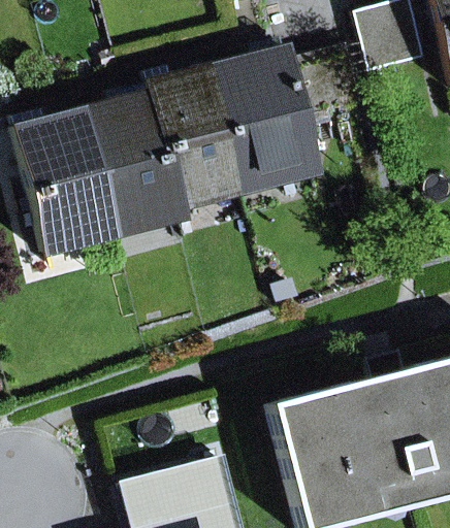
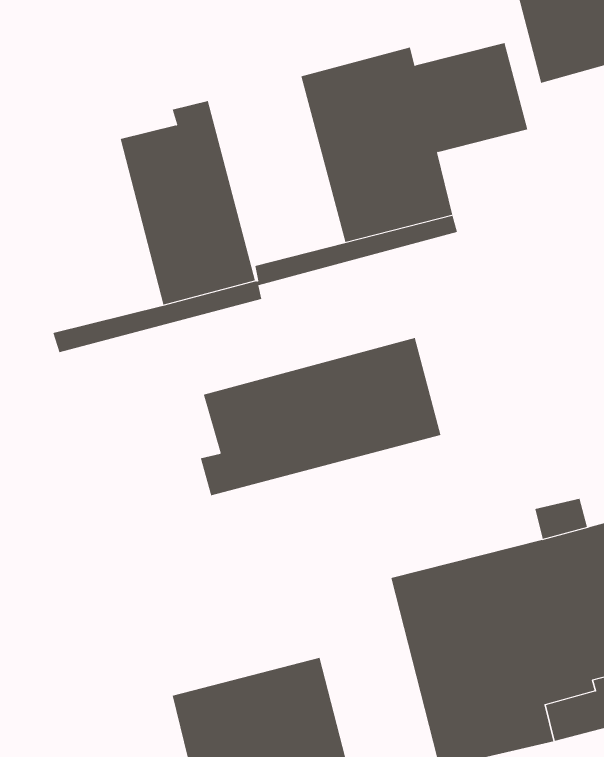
building: [143,66,238,205] -> none
building: [11,109,116,240] -> none
building: none -> [200,337,441,496]

